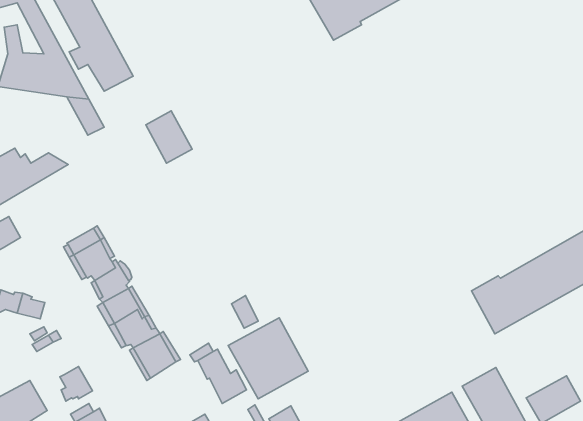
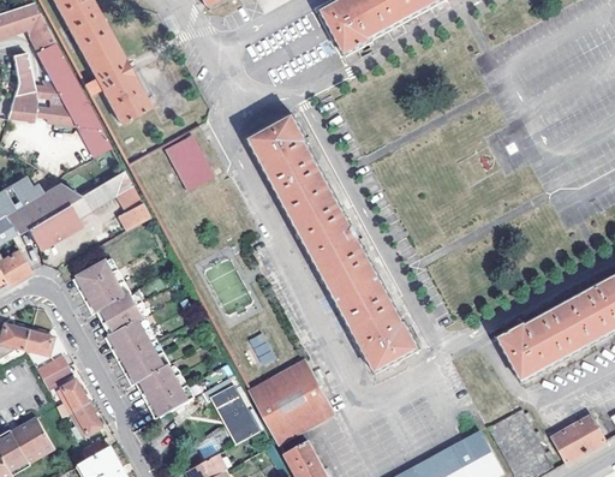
building: none -> [256,114,426,366]
building: none -> [24,168,147,246]
building: none -> [56,380,88,412]

